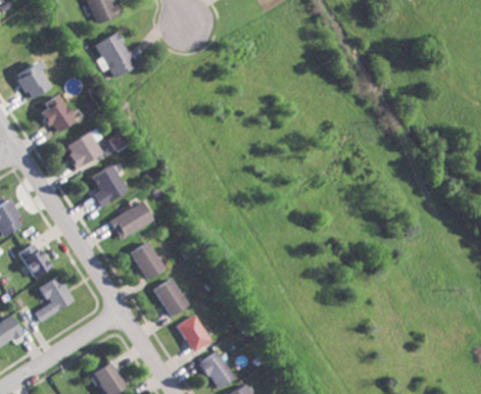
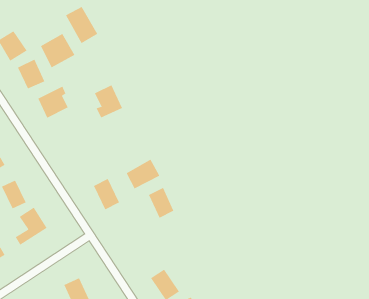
building: none -> [40,33,75,68]
building: [89,164,124,205] -> [94,85,123,118]
building: [108,202,150,239] -> [126,159,160,189]
building: [154,279,186,316] -> [148,187,174,218]
building: [177,315,210,352] -> none

